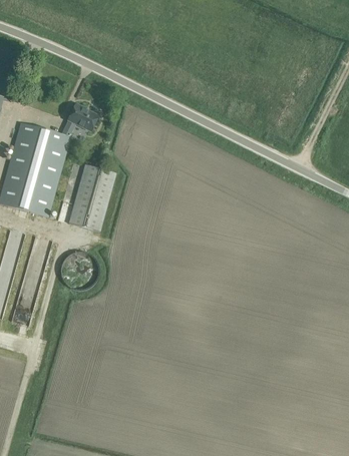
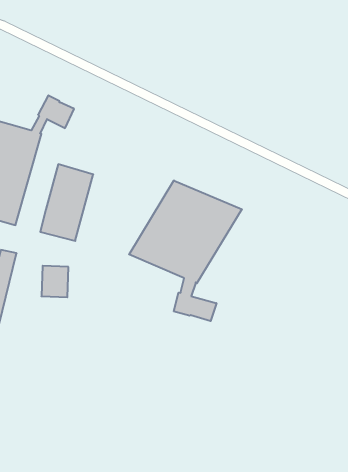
building: none -> [129,180,242,321]

